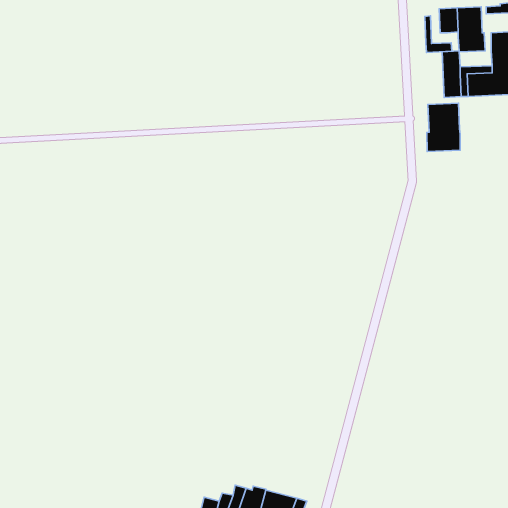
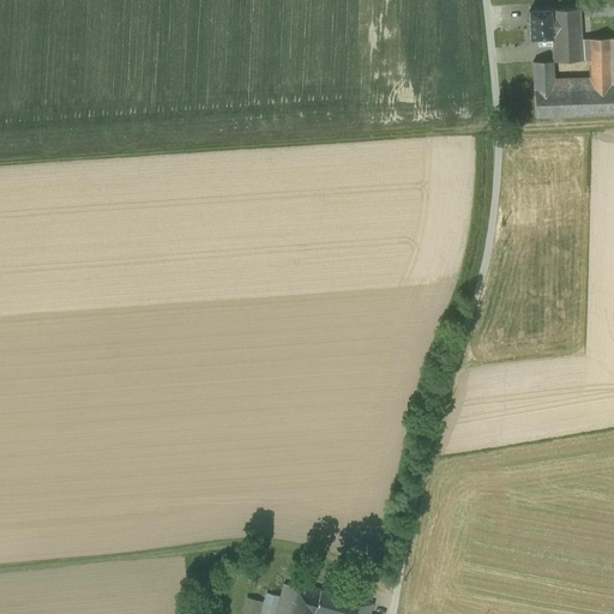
building: [425,16,452,52] -> none
building: [427,103,460,152] -> none

